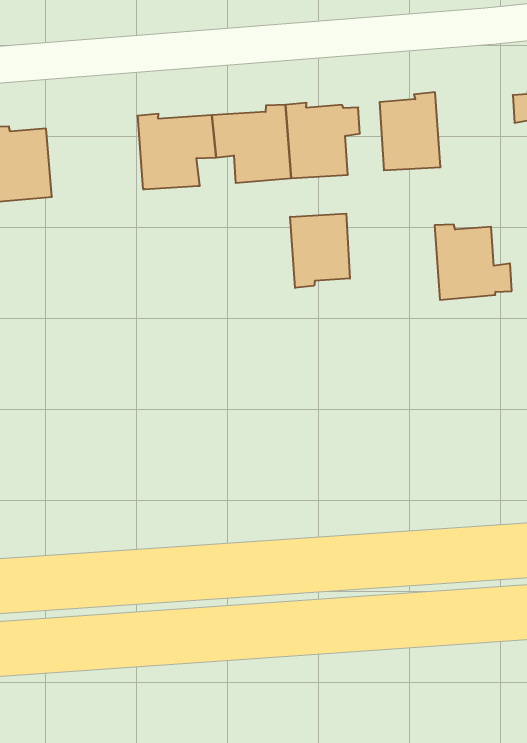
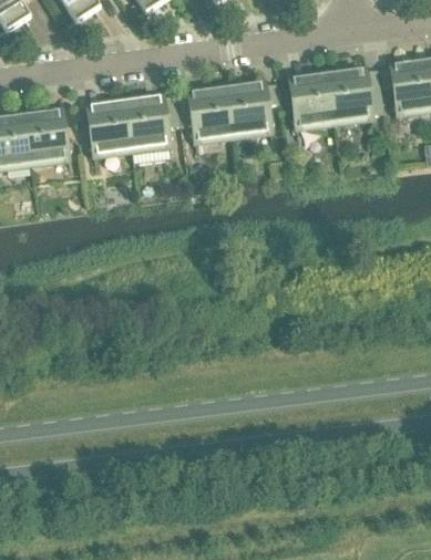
building: none -> [88,98,132,154]
building: [290,214,350,288] -> none
building: [435,225,512,300] -> [328,70,383,122]

